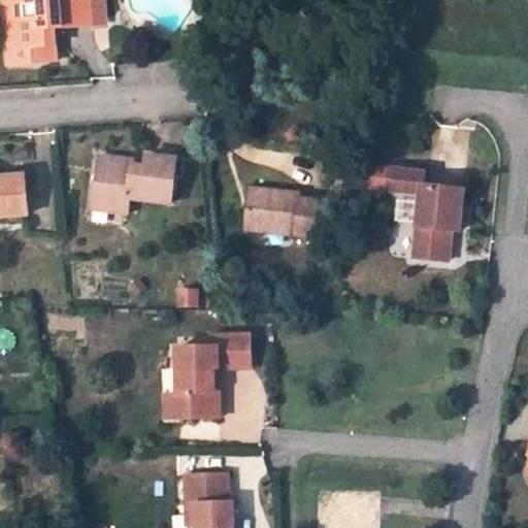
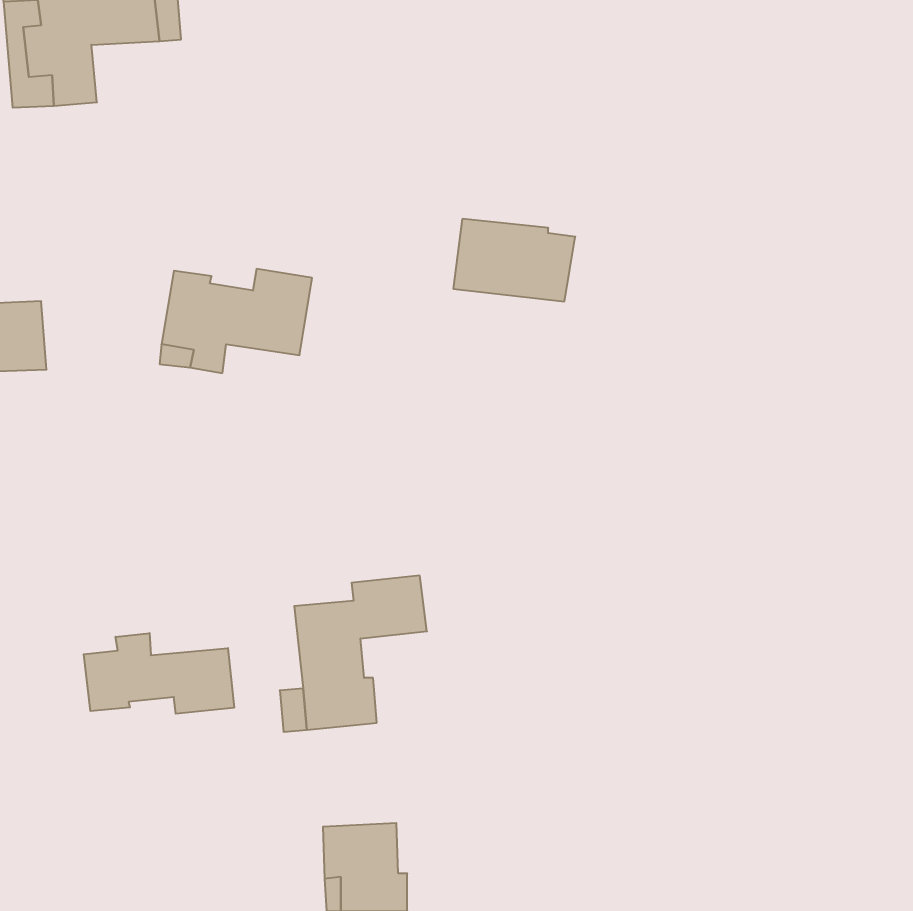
building: [387,167,462,259] -> none
building: [245,187,316,234] -> [453,219,575,301]
building: none -> [84,633,234,714]

